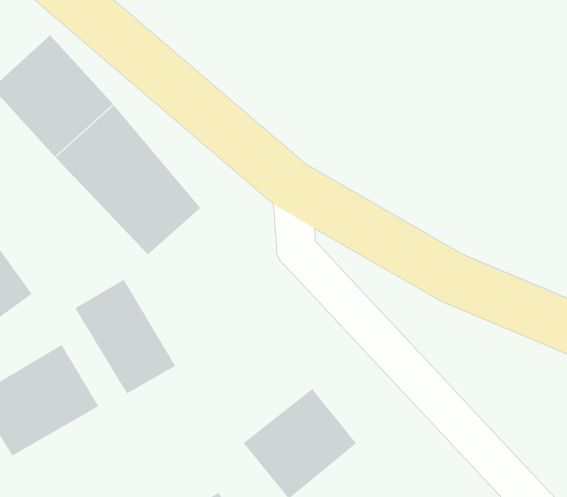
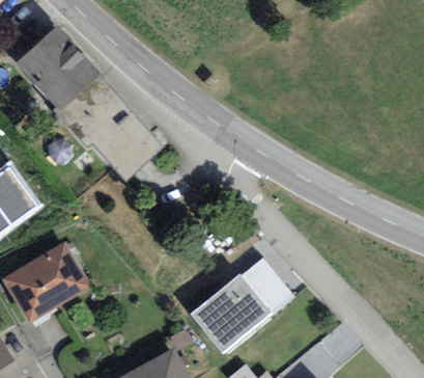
building: [75,279,176,394] -> none
building: none -> [239,258,295,316]

